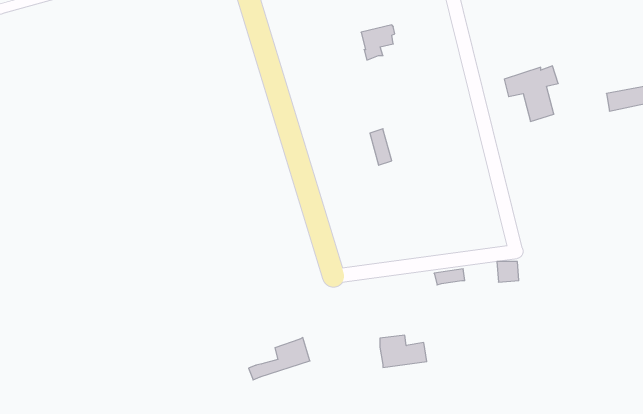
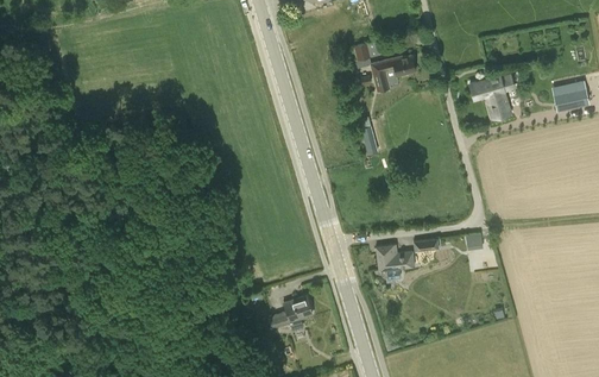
building: none -> [371,56,415,92]
building: [380,335,427,367] -> [376,245,414,271]

